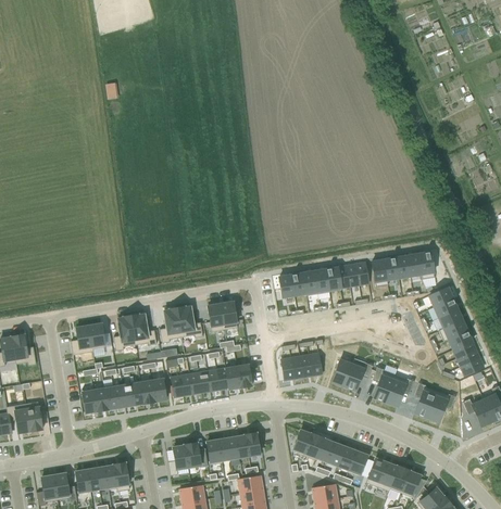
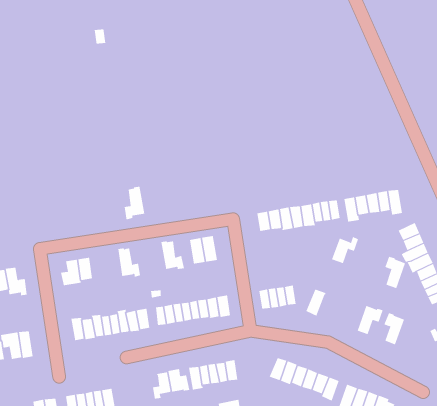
building: [160,307,183,343] -> [124,186,145,220]
building: [114,315,136,351] -> none
building: [343,361,373,391] -> [331,236,359,264]
building: [373,367,396,402] -> [384,256,406,289]
building: [427,390,456,421] -> none

